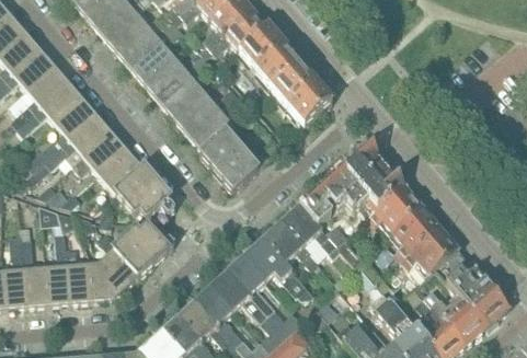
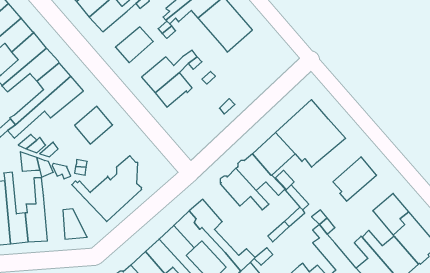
building: [130,41,172,81] -> none
building: [249,61,332,124] -> none
building: [160,74,202,115] -> none
building: [71,130,124,172] -> none
building: [199,130,256,190] -> none
building: [115,168,175,217] -> none
building: [371,184,422,233] -> none
building: [402,226,458,279] -> none
building: [243,235,312,293] -> none
building: [64,247,88,300] -> none
building: [96,252,134,296] -> none

